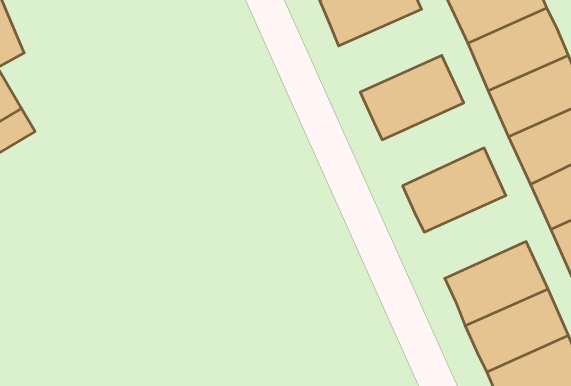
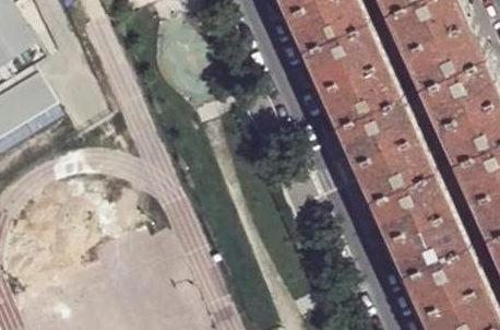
building: none -> [298,20,381,86]
building: none -> [333,95,415,162]
building: none -> [367,169,449,236]

